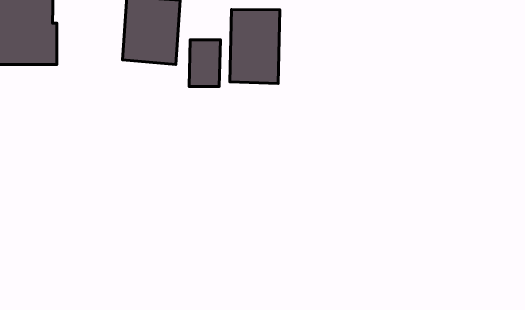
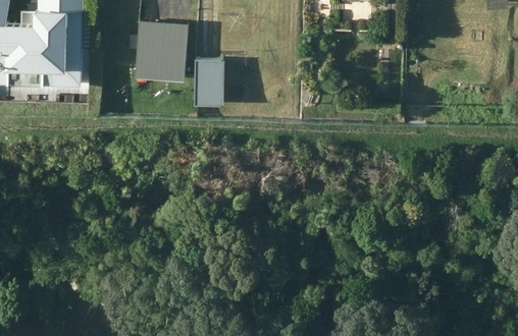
building: [230,10,280,84] -> none

